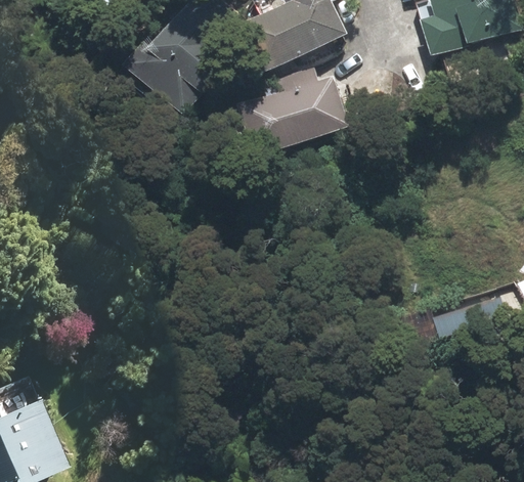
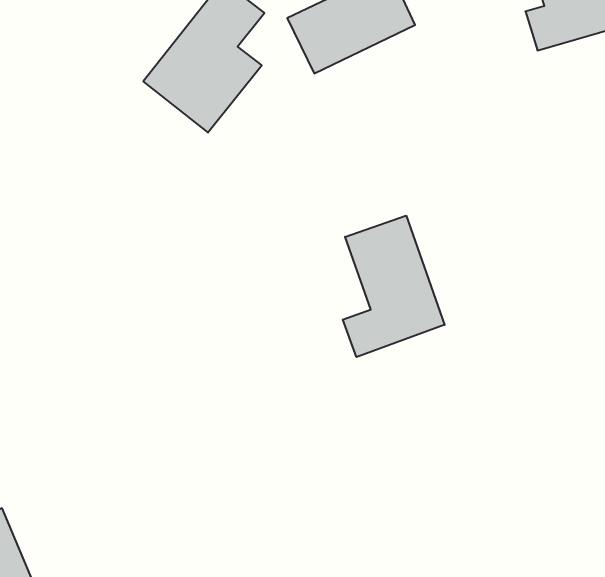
building: [245,60,347,154] -> none
building: none -> [343,216,445,357]

